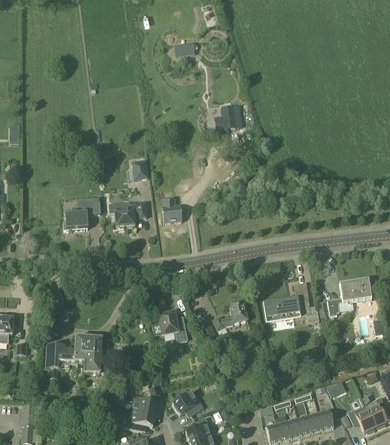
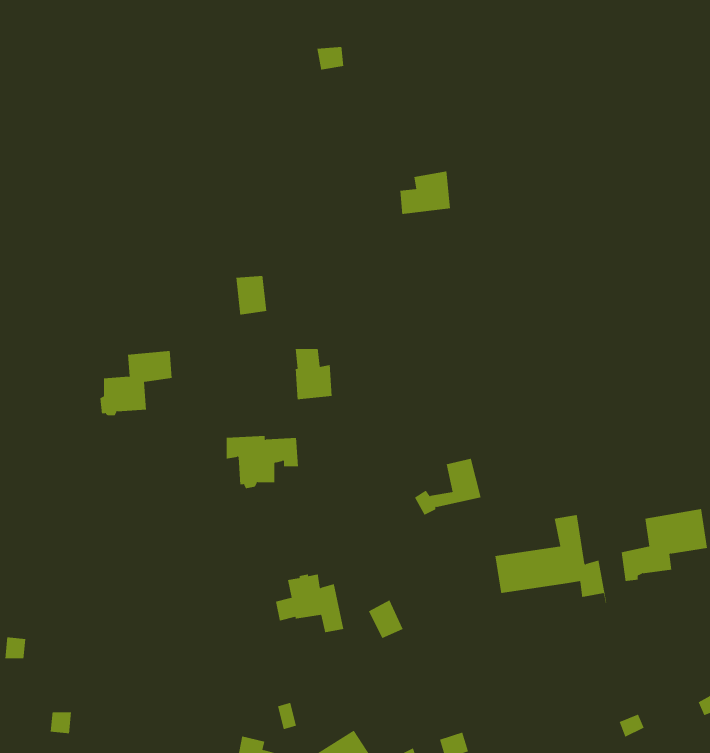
building: [109,201,146,228] -> [226,435,299,489]
building: [213,300,247,329] -> [414,458,481,515]
building: [45,337,107,379] -> none

